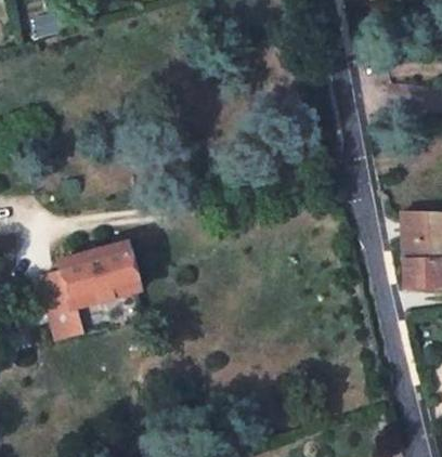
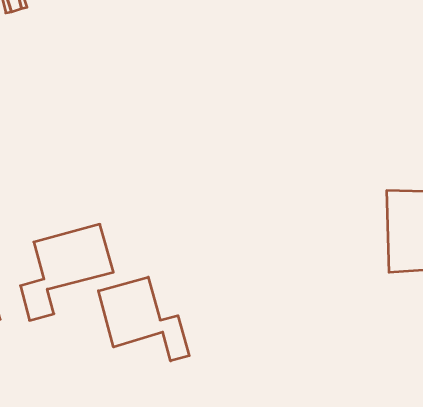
building: none -> [98,277,189,361]

